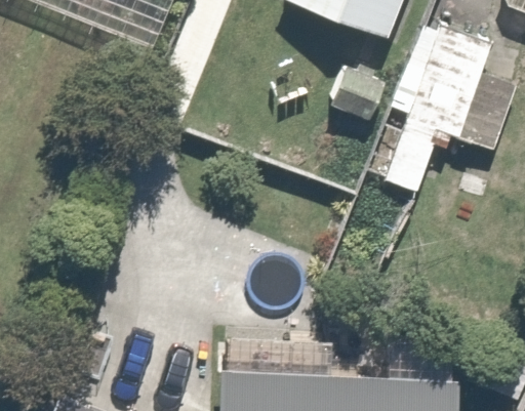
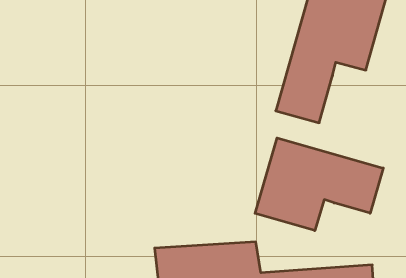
building: none -> [255,138,383,231]

